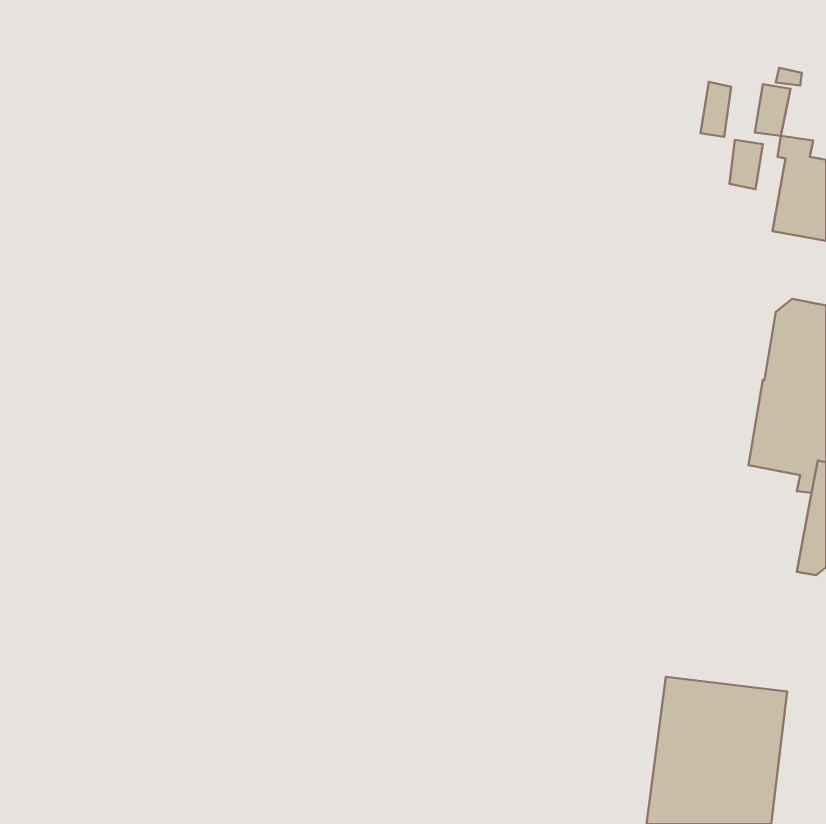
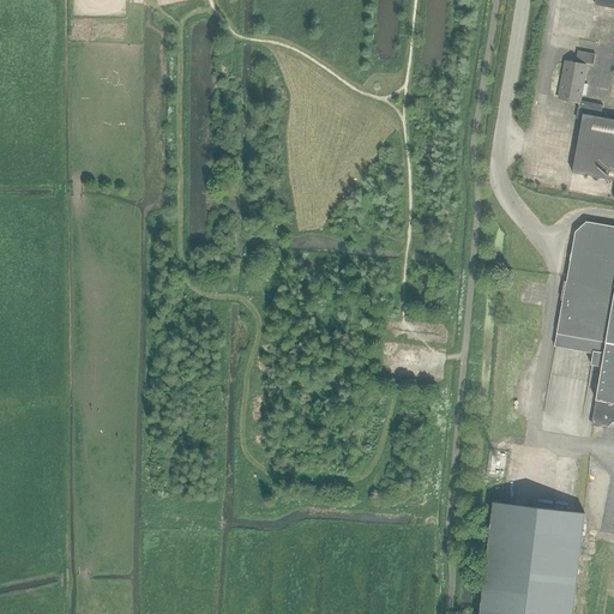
building: [700,82,731,137] -> none
building: [729,140,763,189] -> none

